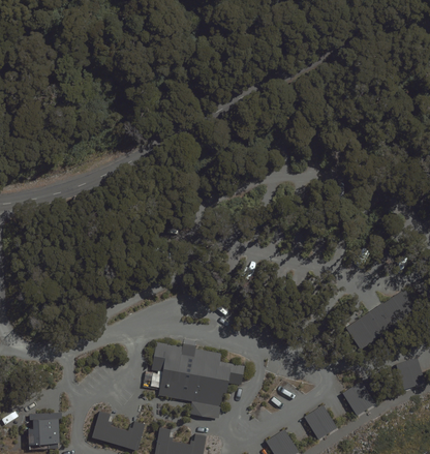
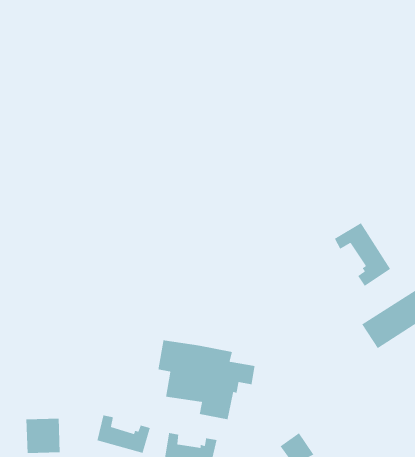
building: none -> [334,222,391,287]
building: [343,382,376,416] -> none
building: [304,405,337,438] -> none

